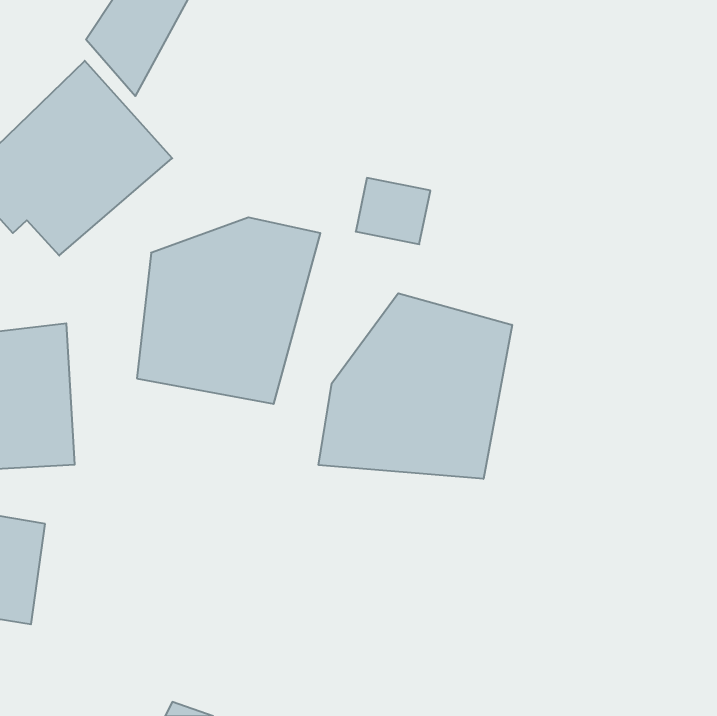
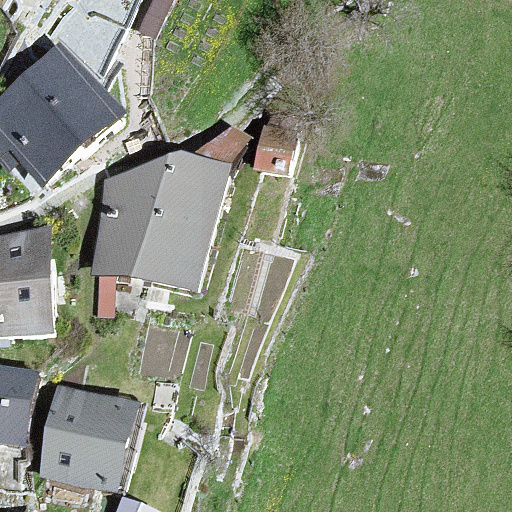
building: [319,293,512,479] -> none
building: none -> [41,386,134,487]

